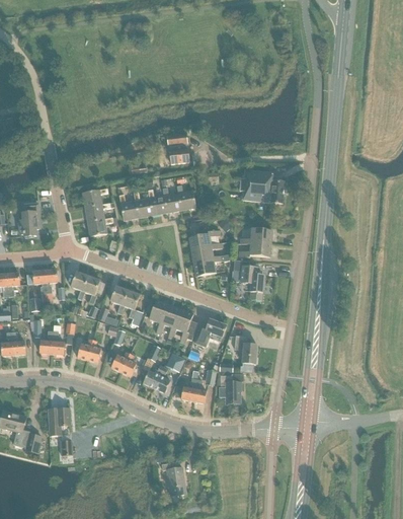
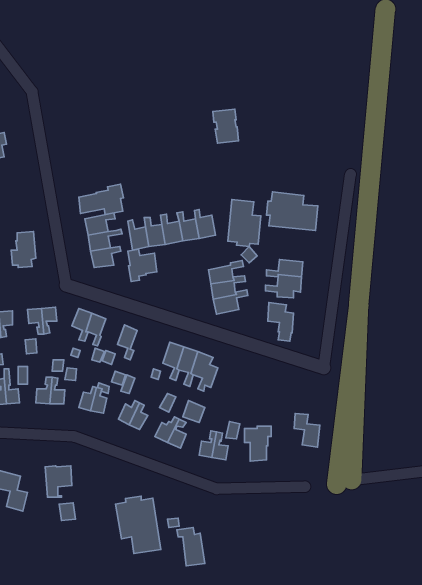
building: [167,135,189,164] -> [213,109,238,143]
building: none -> [79,184,123,215]
building: none -> [228,199,261,247]
building: none -> [128,249,157,282]
building: [122,291,143,326] -> none
building: [194,320,226,347] -> none
building: [235,336,257,365] -> [294,413,320,447]
building: none -> [116,496,161,554]

